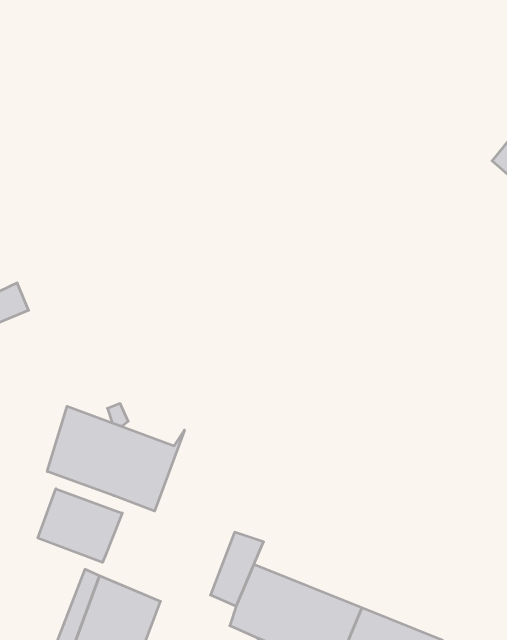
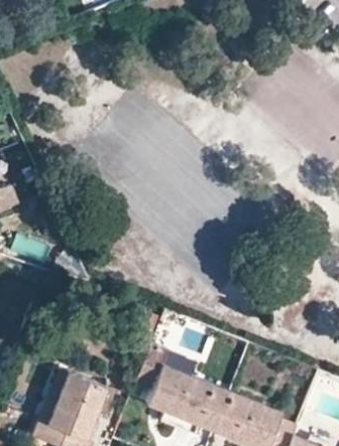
building: [47,406,184,511] -> none
building: [38,489,122,562] -> none

